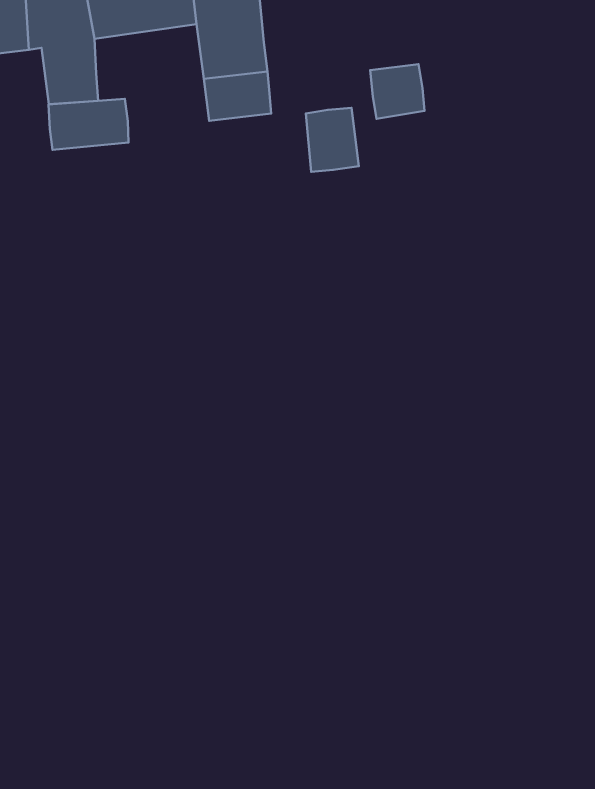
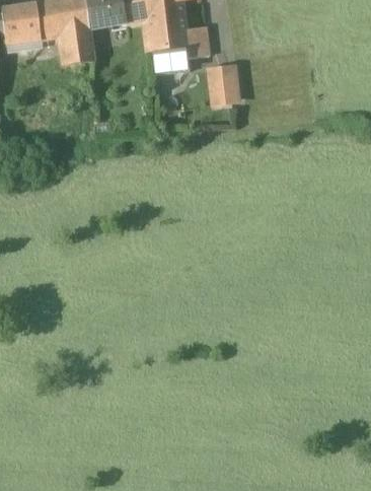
building: none -> [184,25,209,57]
building: [370,64,425,119] -> none
building: [49,99,128,150] -> none

